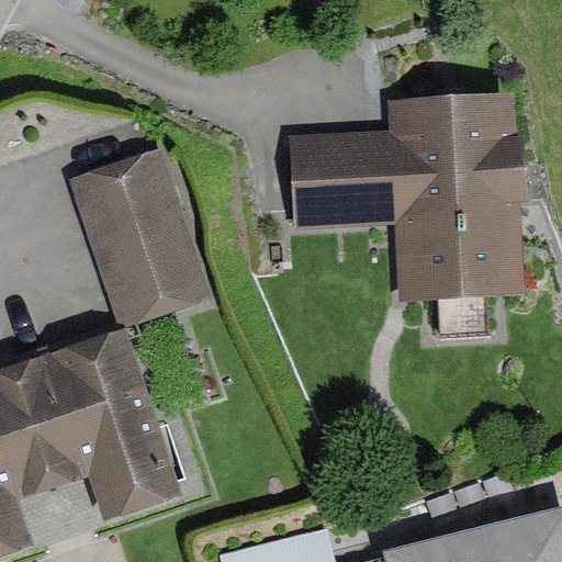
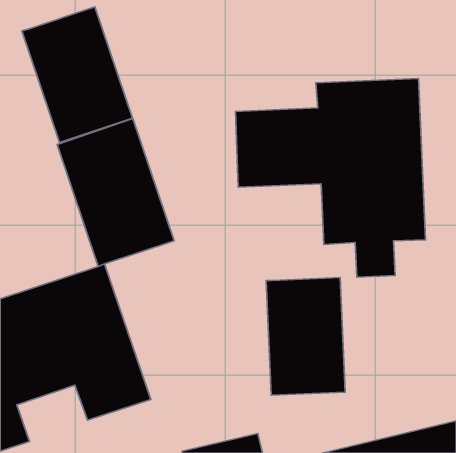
building: none -> [22,7,132,142]
building: none -> [266,278,345,395]

